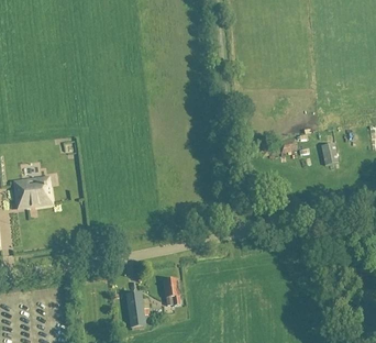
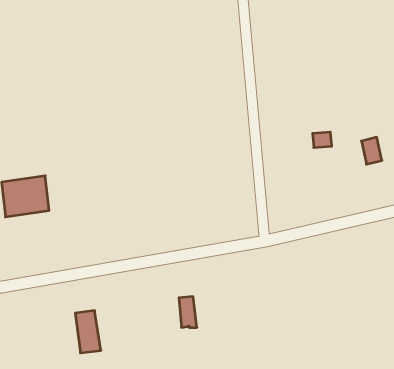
building: [124,291,146,328] -> [75,311,101,353]

